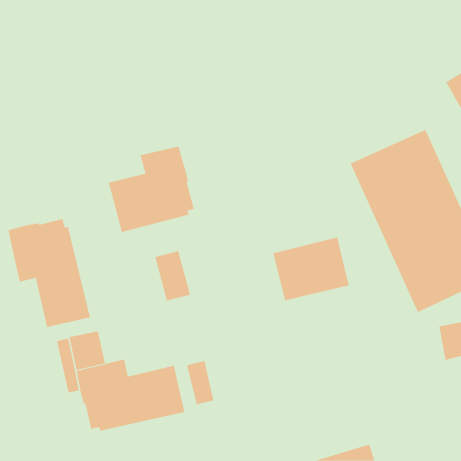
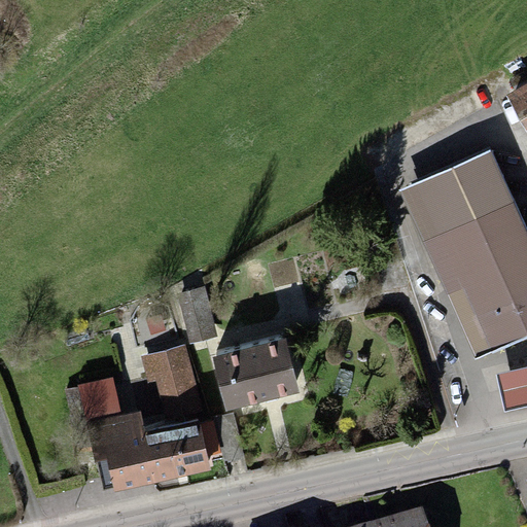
building: [108,146,195,233] -> none
building: [8,218,90,328] -> none
building: [273,237,349,301] -> [213,337,301,410]
building: none -> [141,343,202,413]

